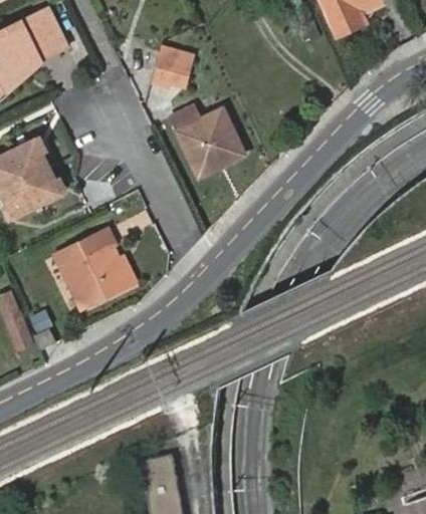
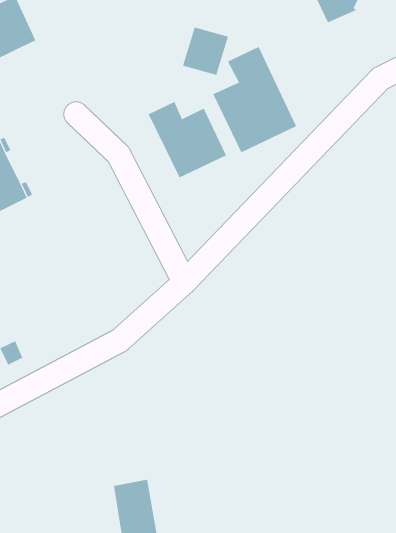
building: [154,43,197,88] -> [182,27,229,75]
building: none -> [212,46,297,153]
building: [53,228,130,306] -> none

